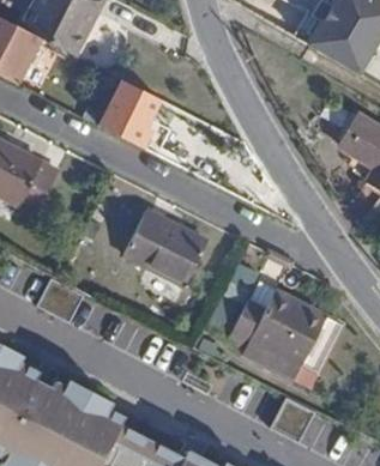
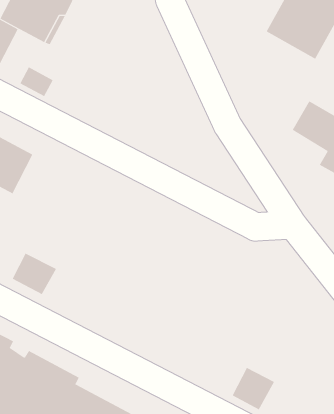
building: [109,81,159,129] -> none
building: [126,208,209,284] -> none
building: [233,280,330,382] -> none

